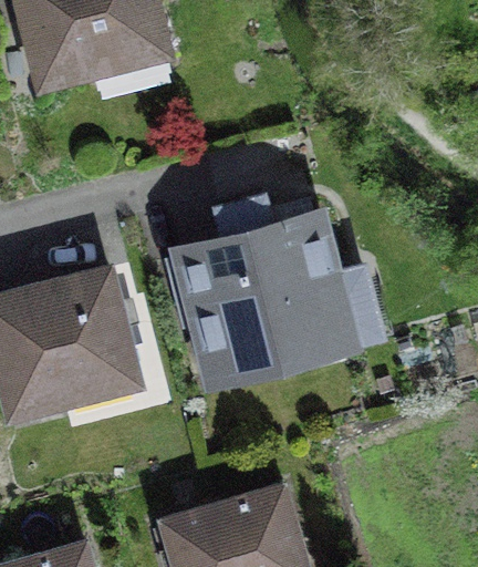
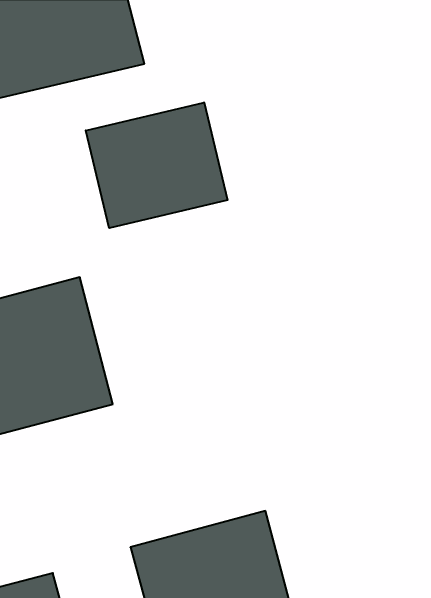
building: none -> [86,102,228,228]
building: [180,216,351,371] -> none

